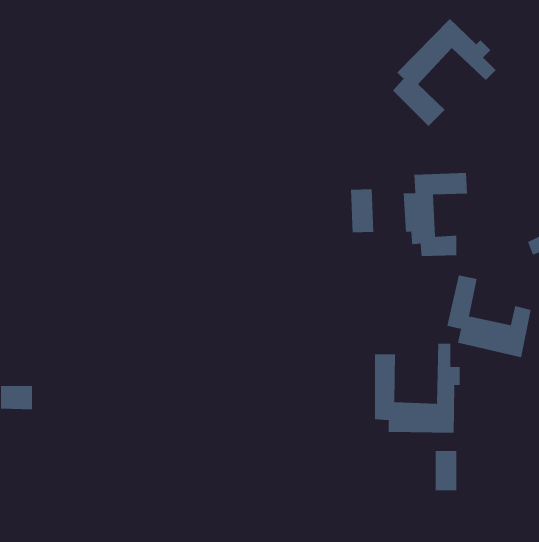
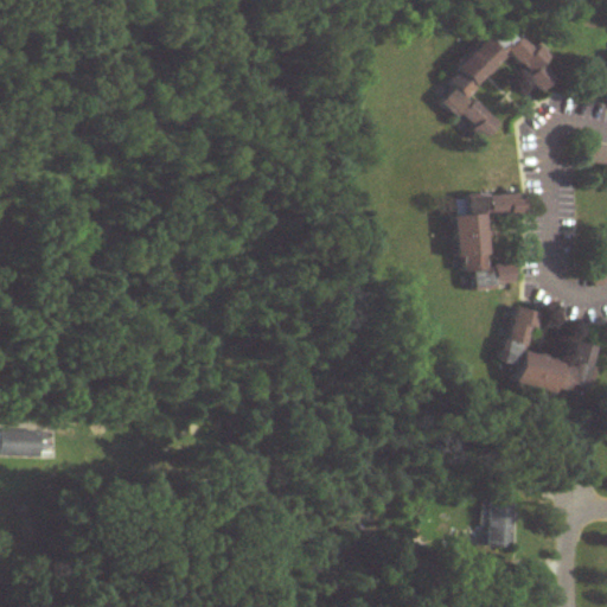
building: [350,188,374,233] -> none
building: [375,343,460,433] -> none

